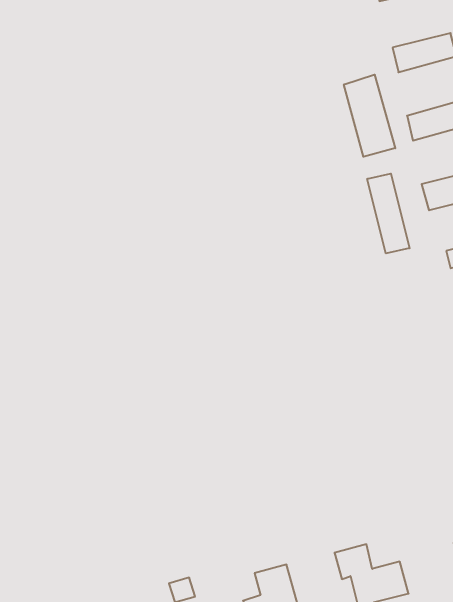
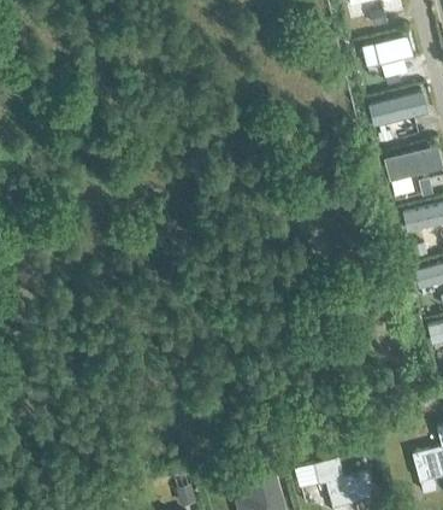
building: [344,75,395,157] -> none
building: [367,174,410,253] -> none

